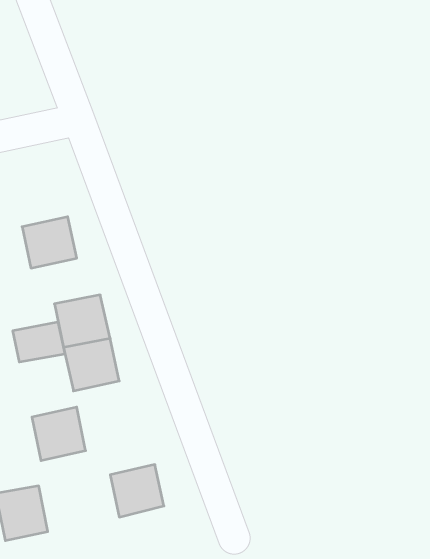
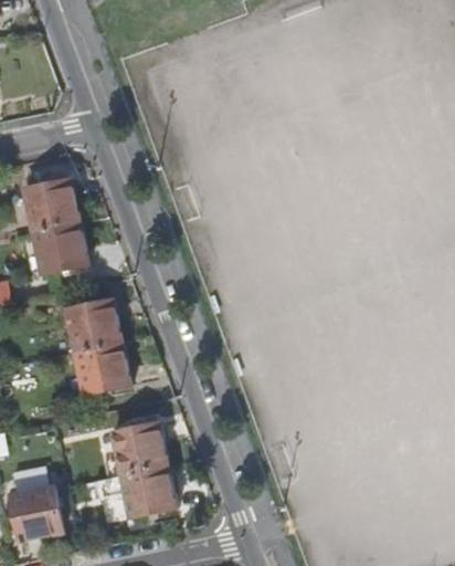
building: none -> [25,177,80,231]
building: [13,322,65,362] -> none
building: [32,407,86,461] -> [113,423,166,476]

